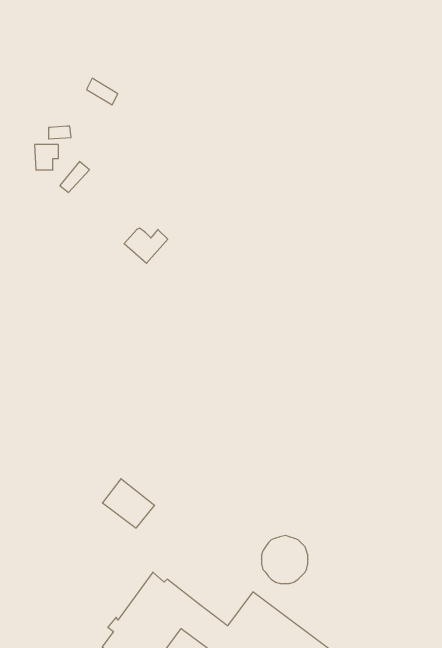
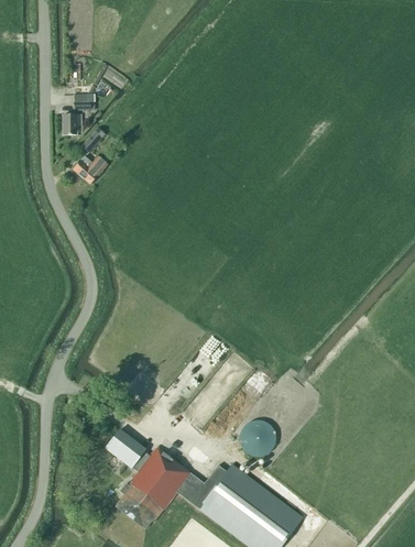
building: [124,228,168,263] -> [72,156,106,184]
building: [102,479,155,528] -> [105,429,145,468]

